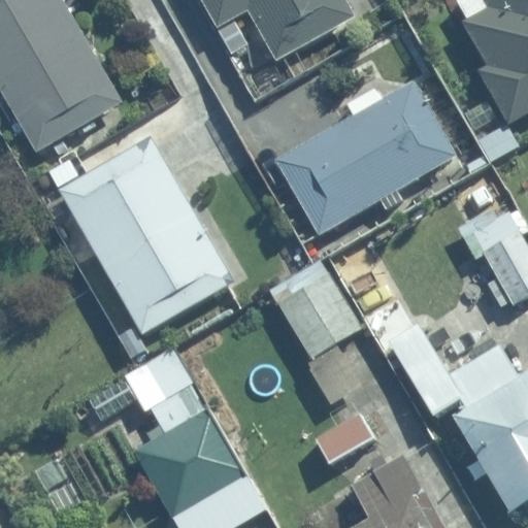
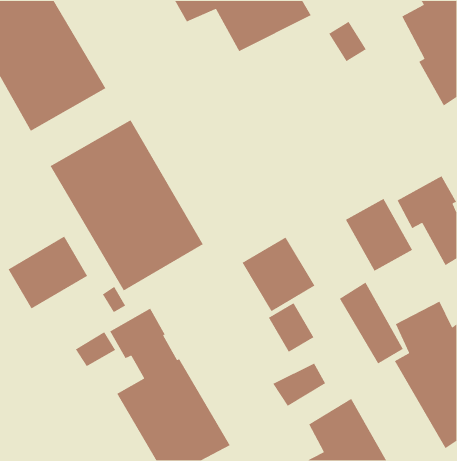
building: [275,84,453,233] -> none
building: none -> [345,198,413,272]
building: none -> [8,236,88,310]

